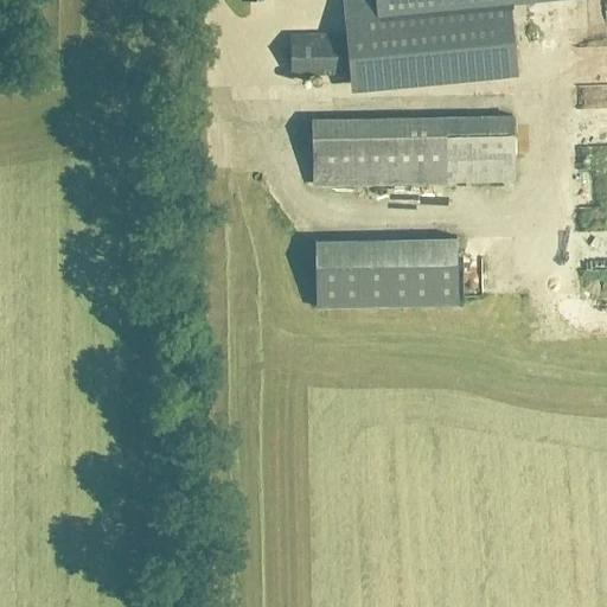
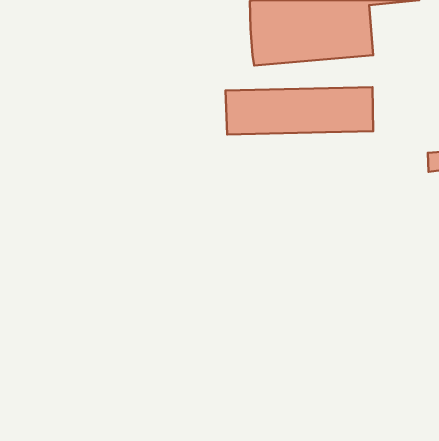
building: [293,39,350,76] -> none
building: [315,238,456,307] -> none

